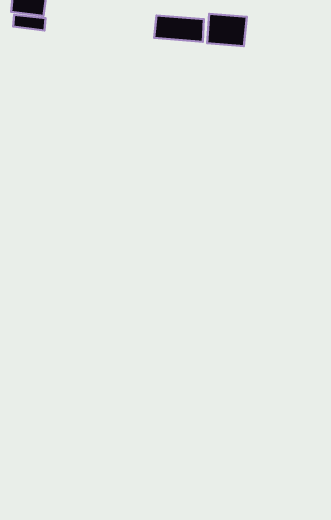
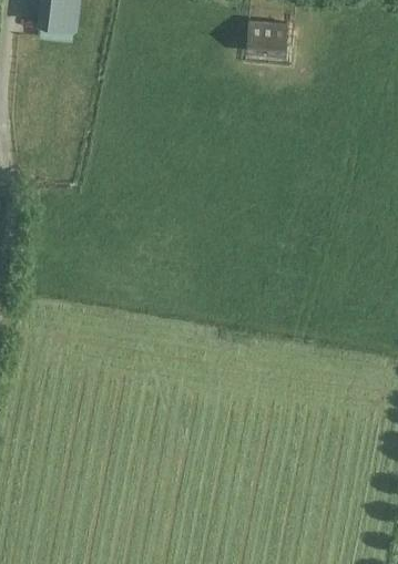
building: [154,15,204,42] -> none

